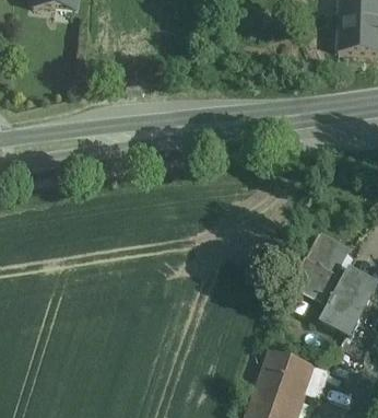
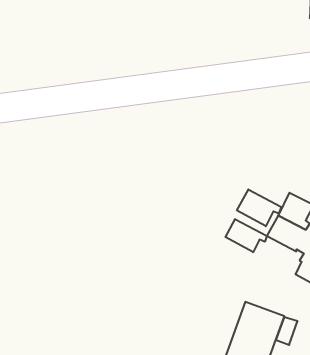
building: none -> [237,189,281,226]
building: none -> [225,219,267,252]

